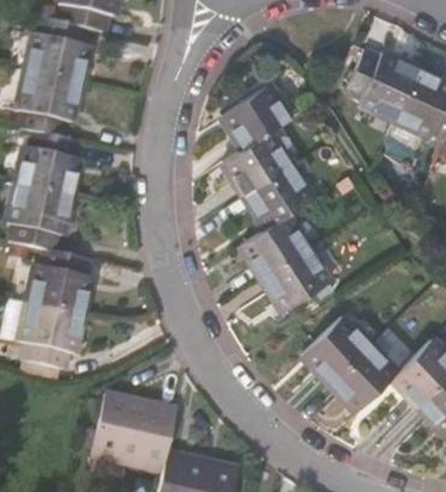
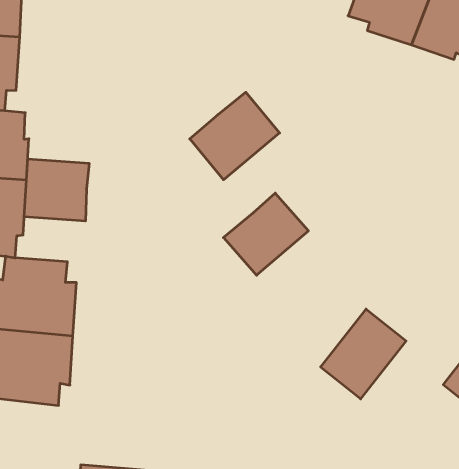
building: [219,86,286,148] -> none
building: none -> [24,159,89,221]
building: [239,168,304,227] -> none
building: [254,246,318,307] -> none
building: [321,340,391,411] -> none

